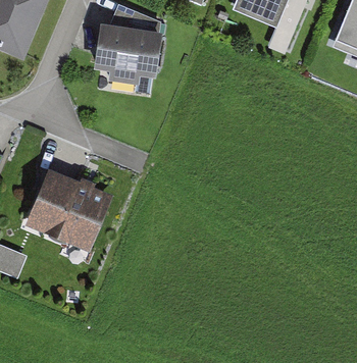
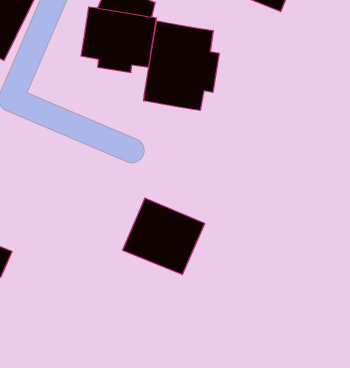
building: none -> [144,21,219,110]
building: [28,166,103,237] -> [123,198,205,275]

